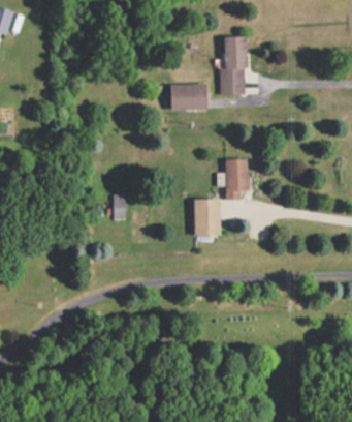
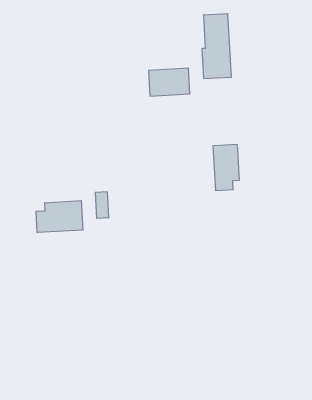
building: [193,199,220,236] -> none
building: none -> [36,201,83,233]

